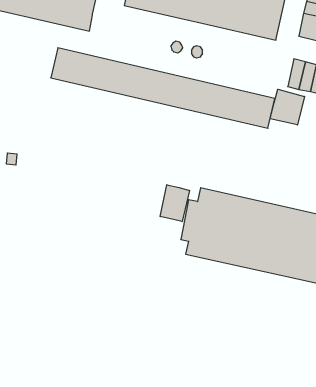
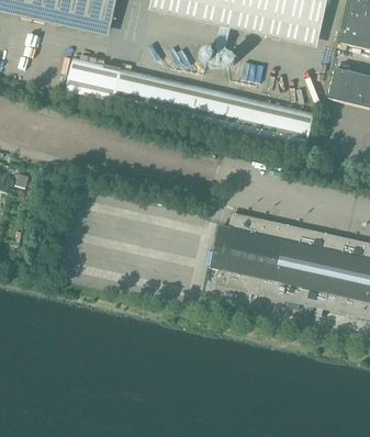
building: [270,89,305,125] -> none
building: [160,185,190,222] -> none

